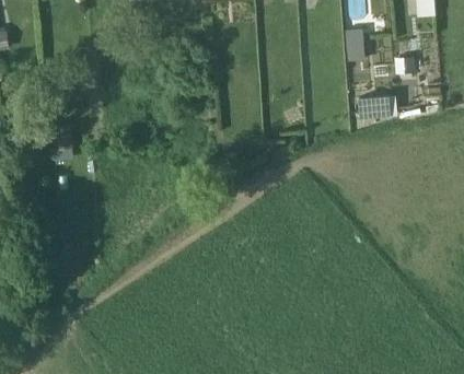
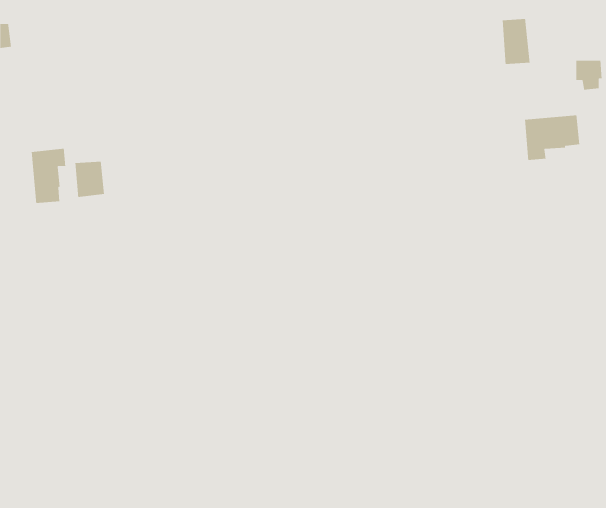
building: none -> [31,148,66,204]

